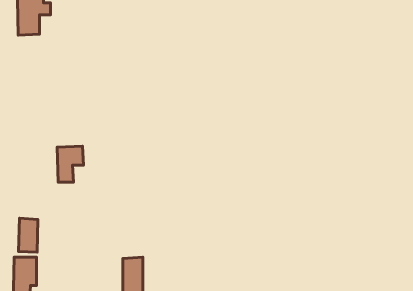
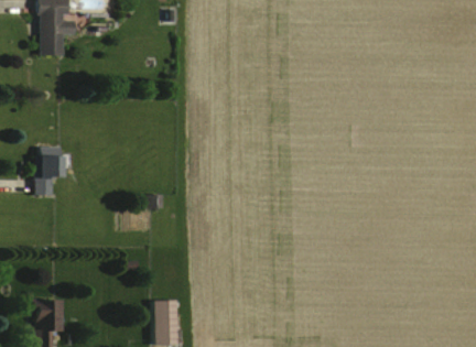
building: [57,146,83,182] -> [34,154,63,194]
building: [19,218,38,252] -> none

